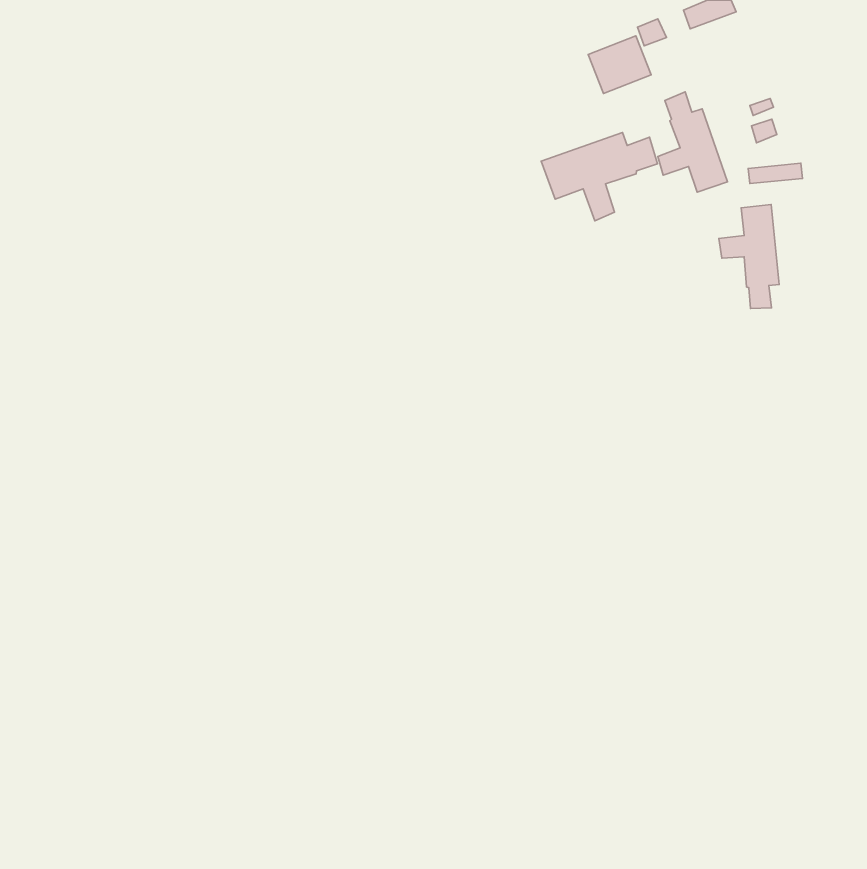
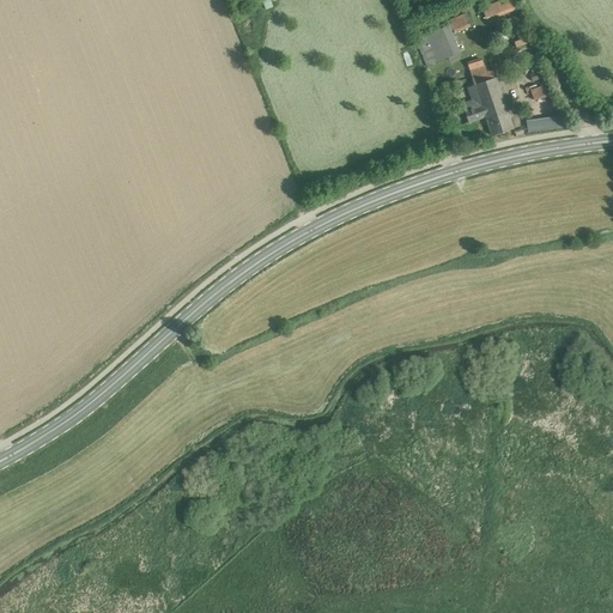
building: [541,133,657,221] -> none
building: [719,205,779,308] -> none

